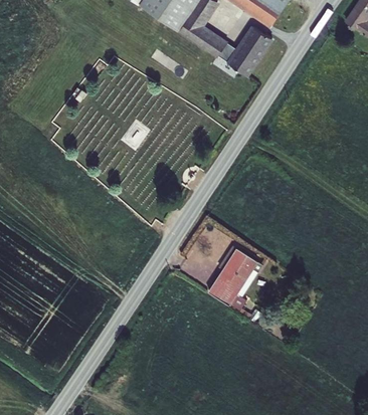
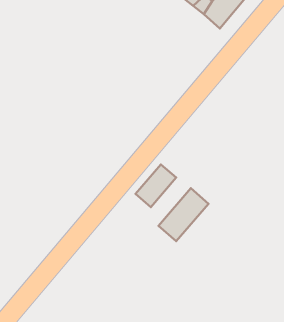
building: none -> [135,164,176,207]

